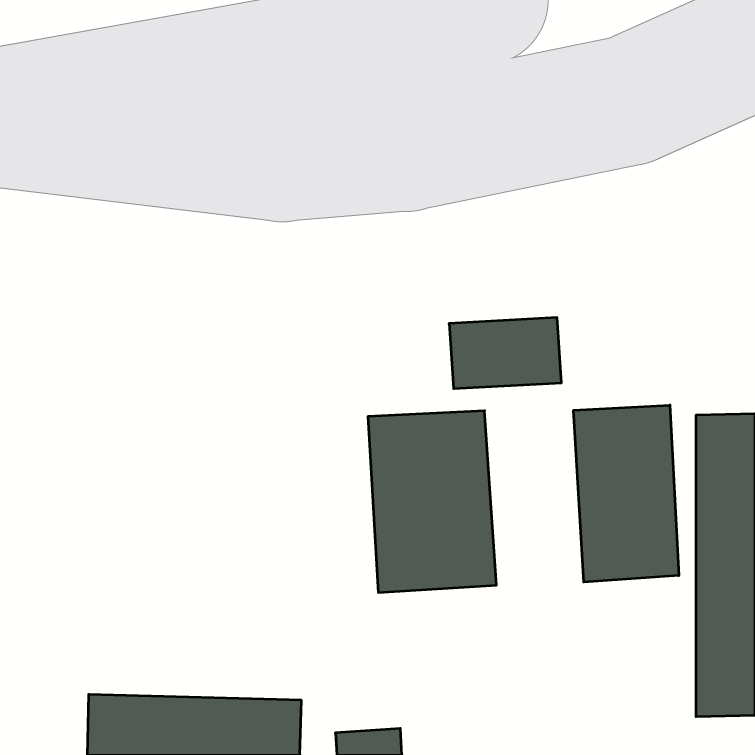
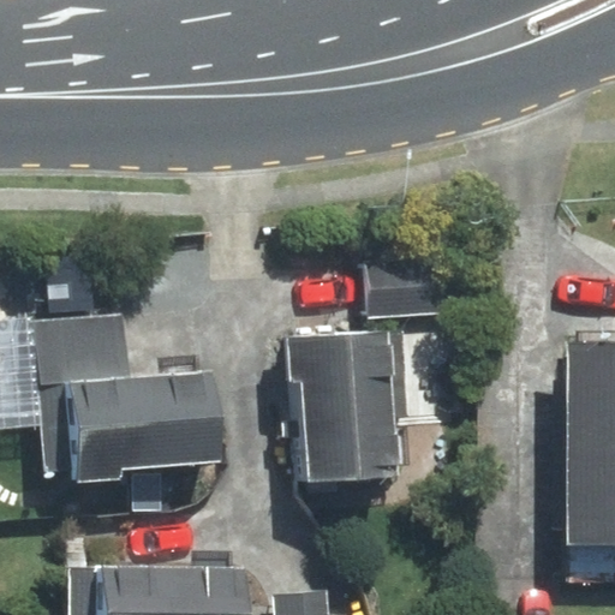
building: none -> [38,316,220,484]
building: [574,405,679,582] -> none

